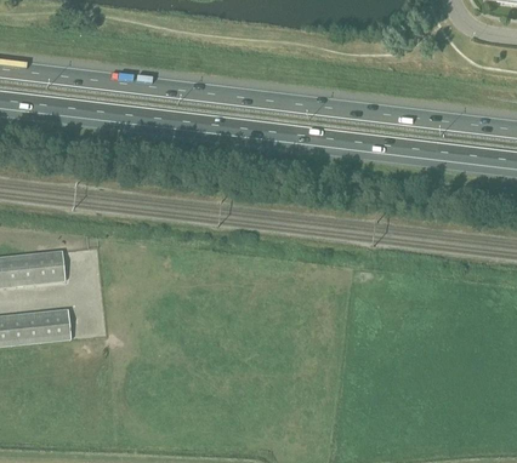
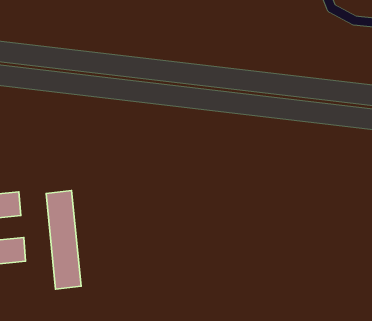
building: none -> [46,191,81,289]

